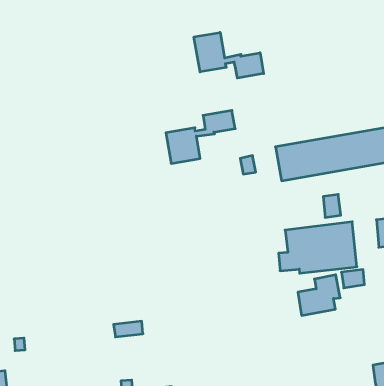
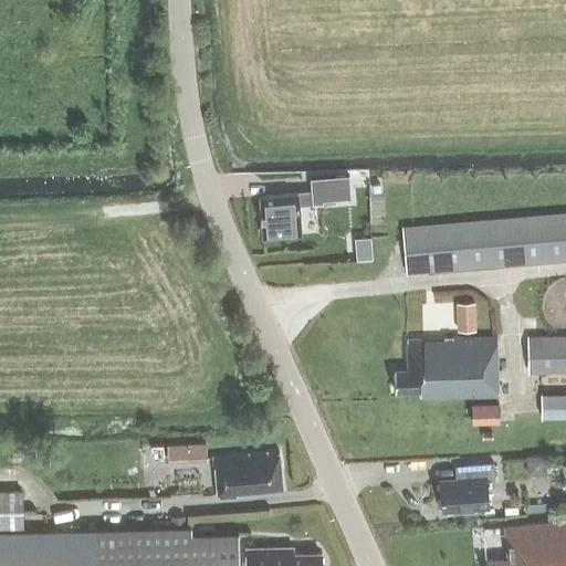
building: [194,32,264,78] -> none
building: [298,275,340,315] -> [440,463,495,513]
building: none -> [212,452,281,499]

